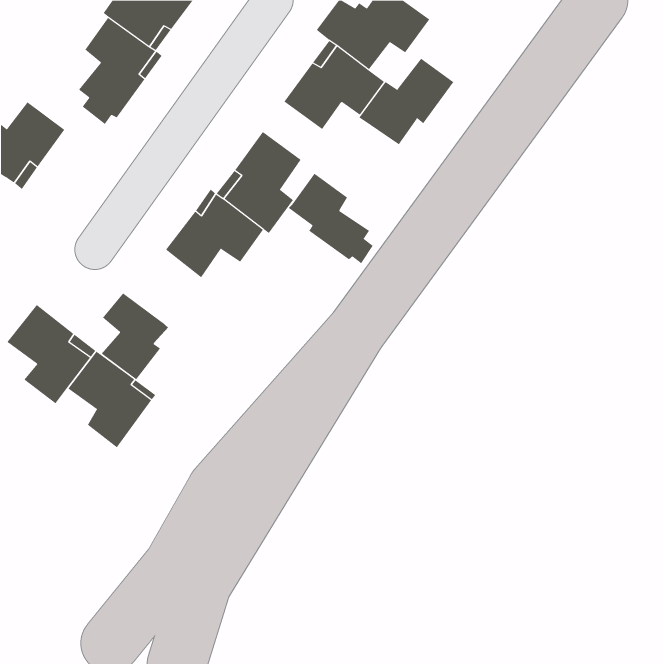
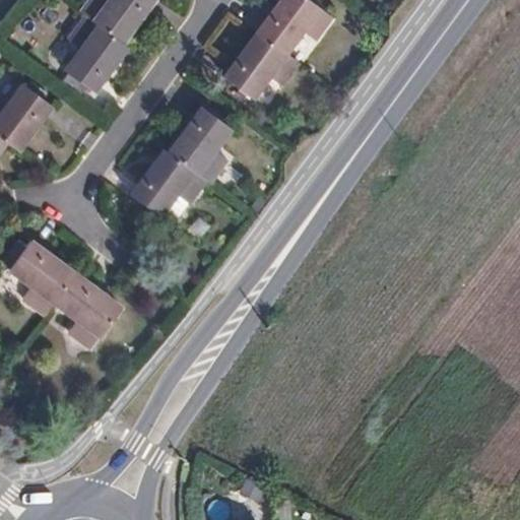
building: [359,58,454,145] -> none
building: [288,173,374,264] -> none
building: [101,292,169,380] -> none

